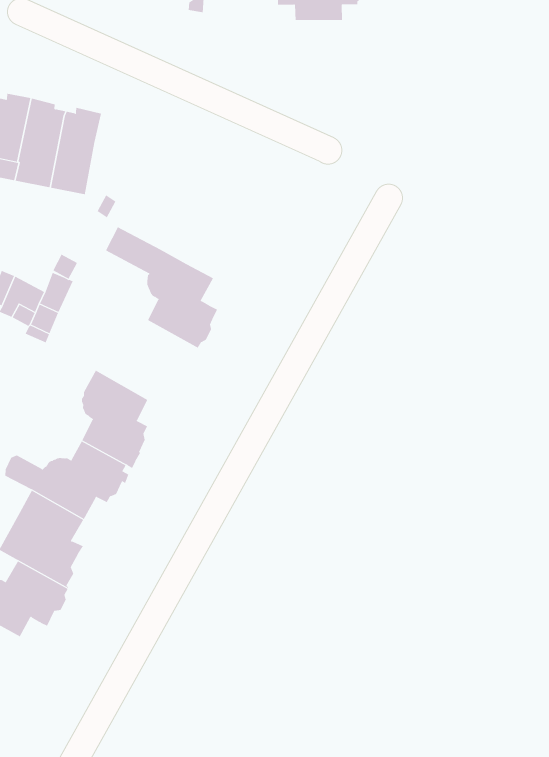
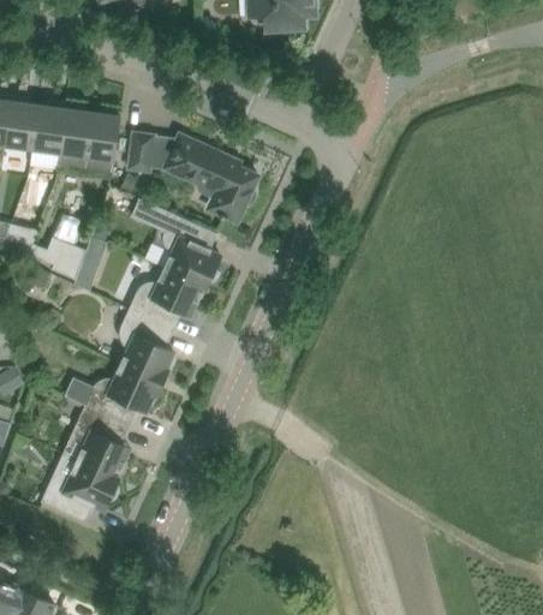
building: none -> [126,133,153,172]
building: none -> [163,135,256,222]
building: none -> [127,269,205,330]

